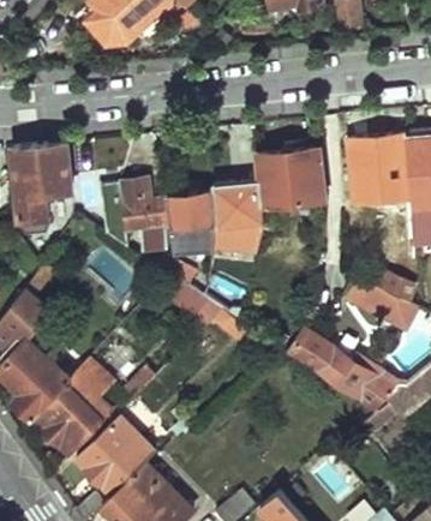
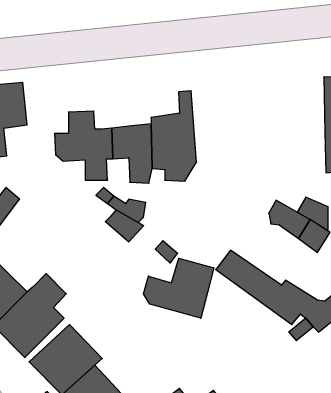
building: [347,133,408,204] -> none
building: [257,149,318,203] -> none
building: none -> [143,258,214,318]

